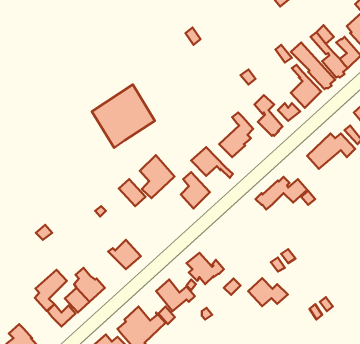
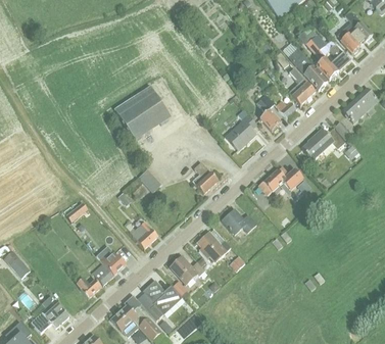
building: [191,147,233,178] -> none
building: [140,155,175,198] -> none
building: [35,270,67,311] -> none
building: [248,278,288,306] -> [222,209,256,234]

